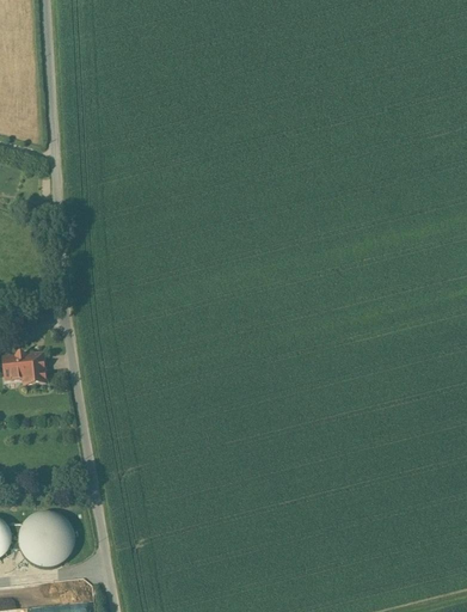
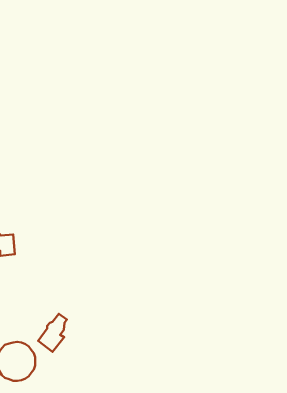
building: none -> [38,314,67,352]

